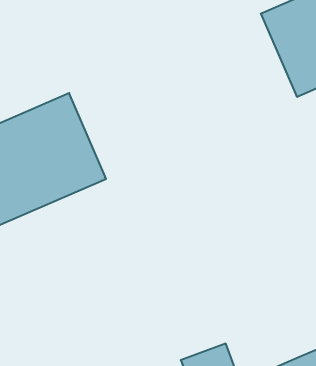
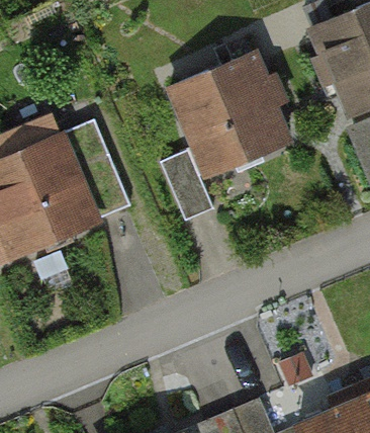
building: none -> [162,53,293,180]

